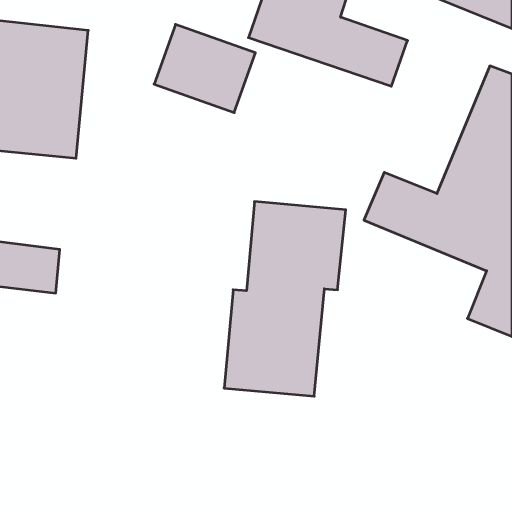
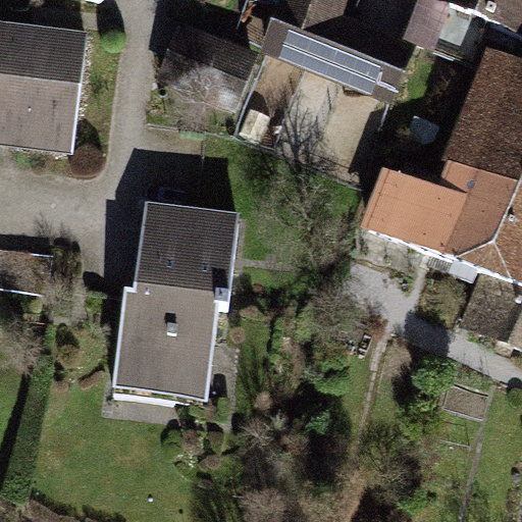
building: [224,202,346,396] -> [114,200,237,396]

